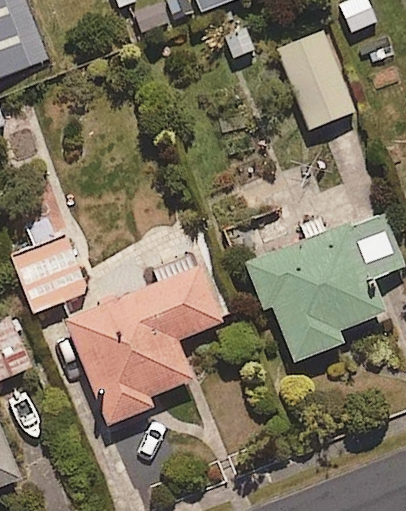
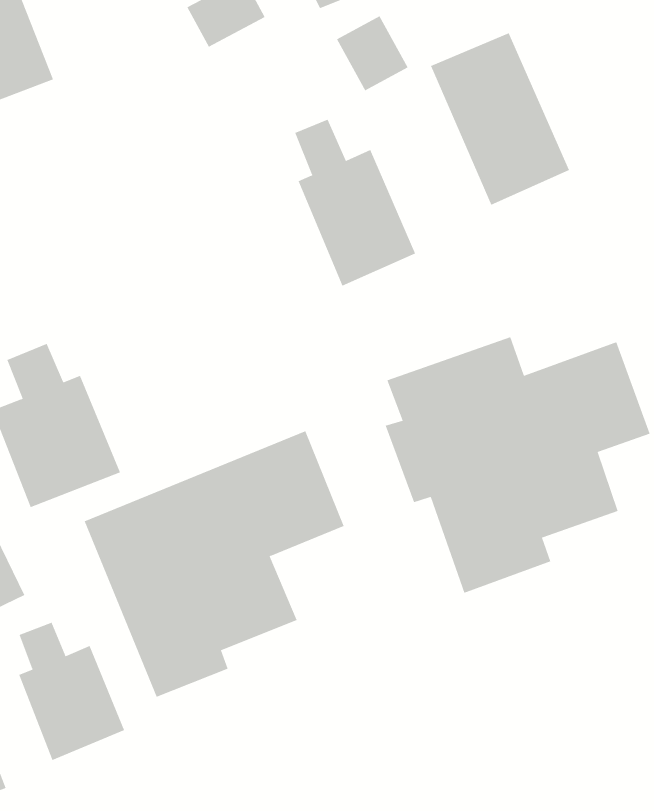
building: none -> [294,119,416,287]
building: none -> [18,622,125,761]

